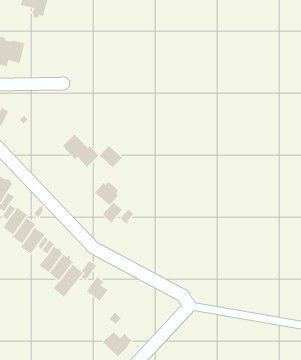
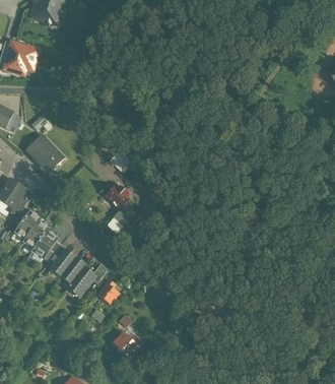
building: [62,134,99,168] -> [26,137,63,171]

